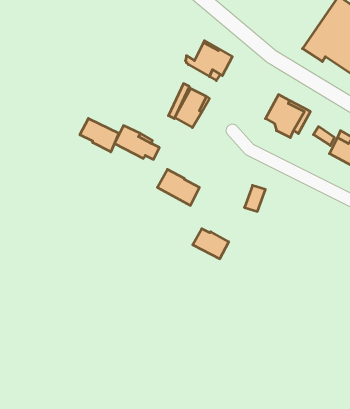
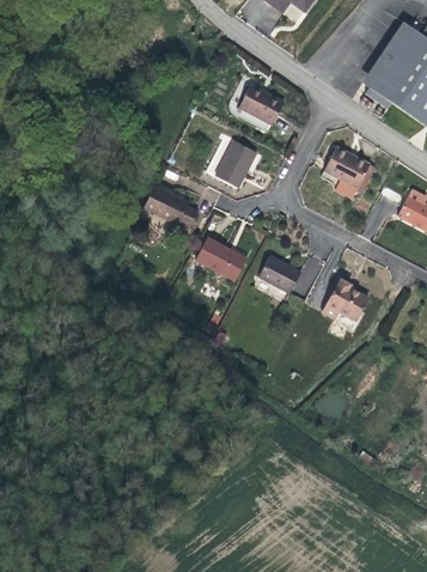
building: [80,118,119,152] -> none
building: none -> [322,279,367,328]
building: [193,229,229,259] -> [257,255,300,291]

